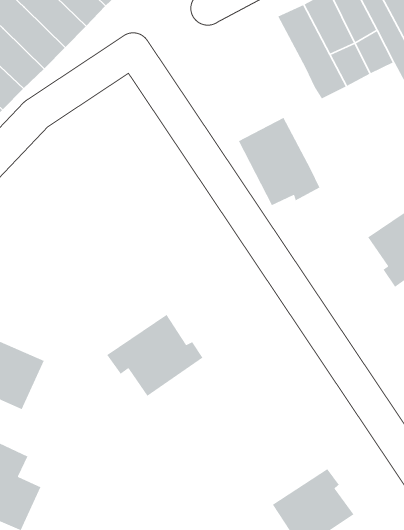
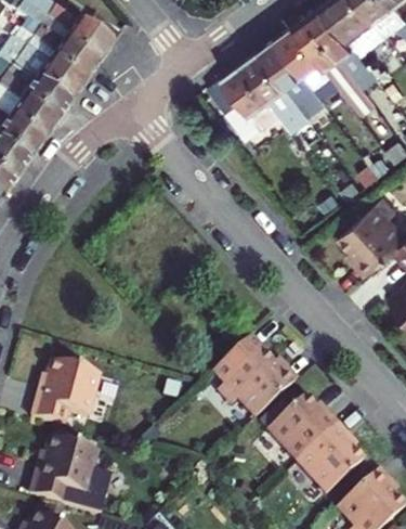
building: [238,117,321,206] -> [206,67,277,140]
building: [106,314,204,397] -> [215,345,293,413]
building: none -> [265,390,335,456]

